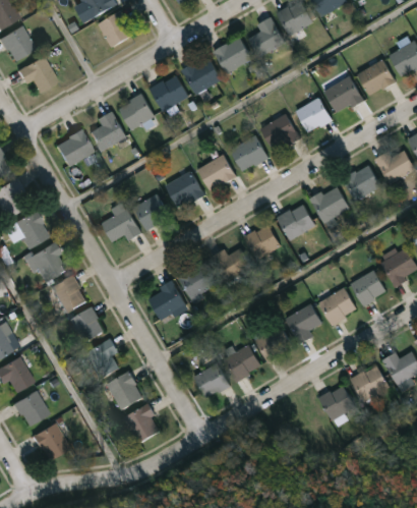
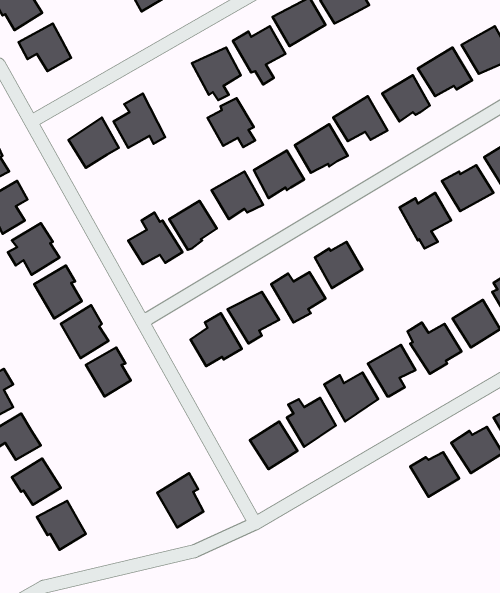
building: [119,94,156,131] -> [207,98,255,147]
building: [277,205,315,241] -> none
building: [80,339,118,379] -> none
building: [103,372,142,410] -> none

